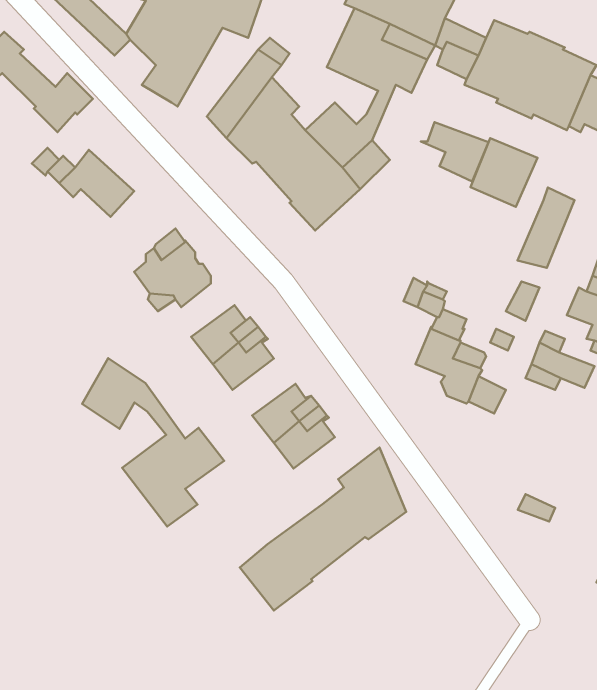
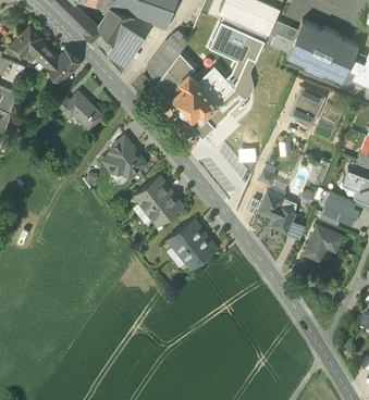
building: [421,122,489,181] -> none
building: [517,188,574,268] -> none
building: [82,358,224,527] -> none
building: none -> [304,224,342,261]
building: [240,448,406,611] -> none

